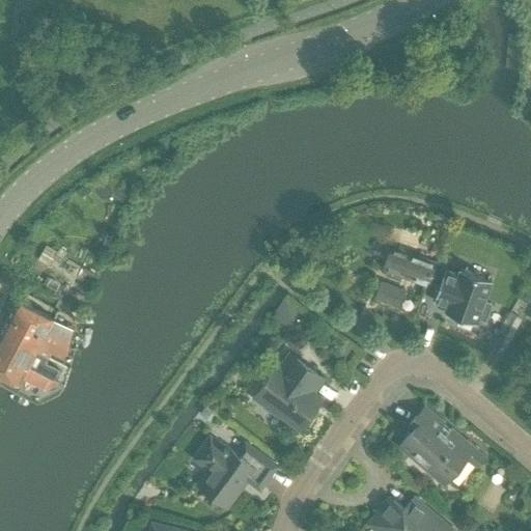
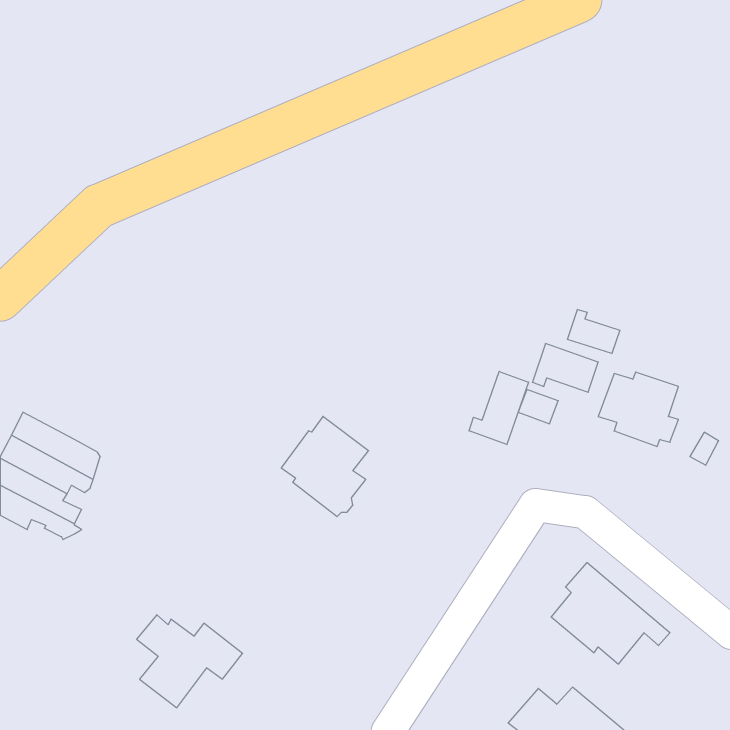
building: none -> [567,309,620,354]
building: none -> [469,371,529,445]
building: [260,356,324,428] -> [281,416,369,517]
building: [198,441,275,508] -> [137,615,243,708]

